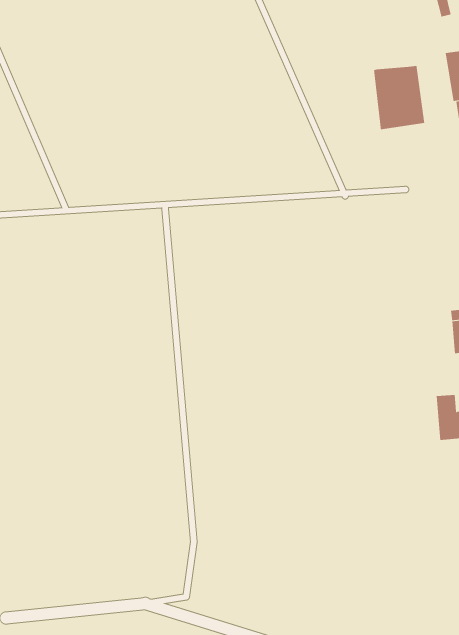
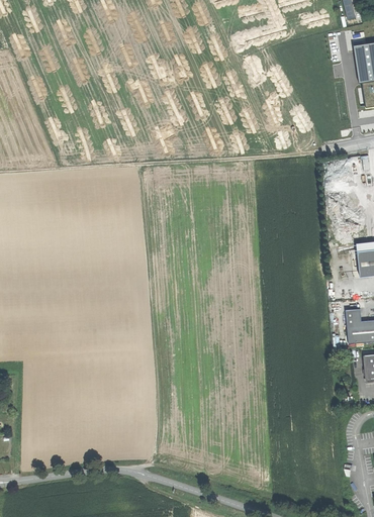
building: [373,65,425,130] -> none

